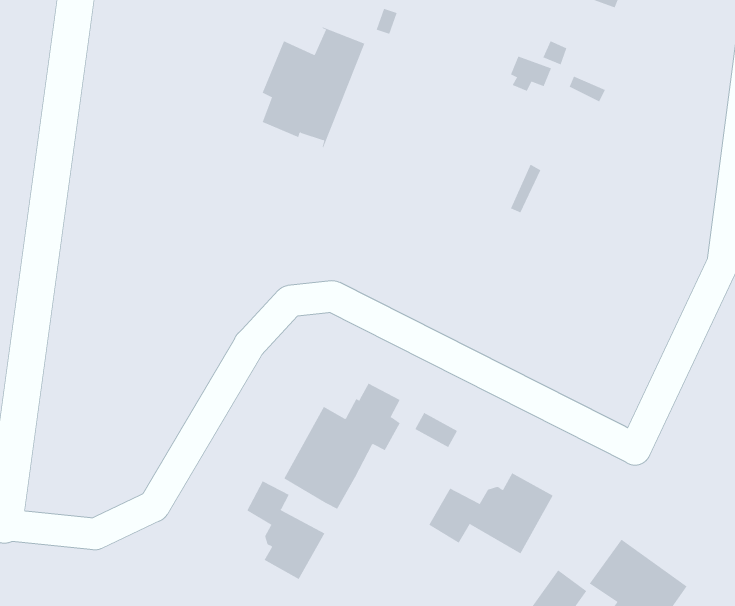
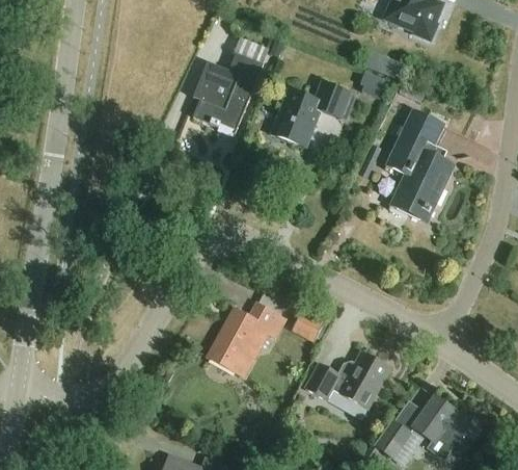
building: none -> [271,81,351,148]
building: none -> [386,110,454,223]
building: [246,481,325,580] -> none

